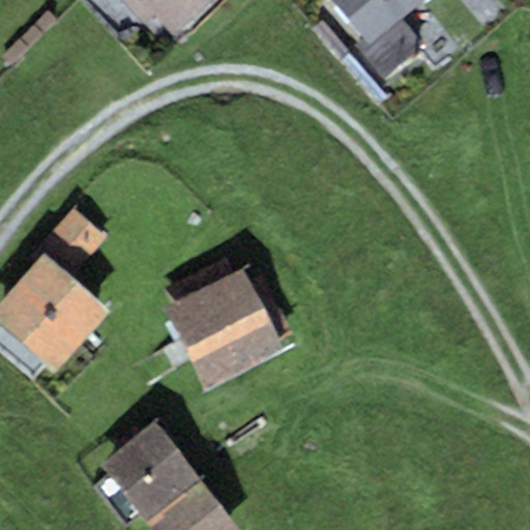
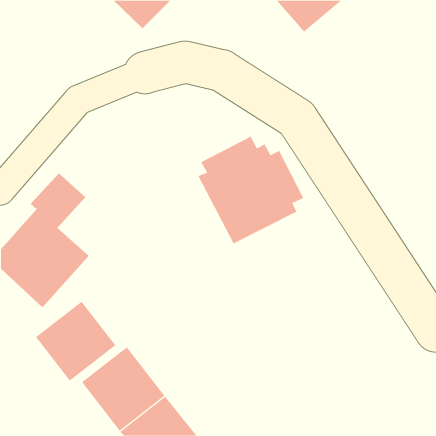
building: [160,257,290,388] -> [197,136,304,244]
building: none -> [35,301,116,381]

